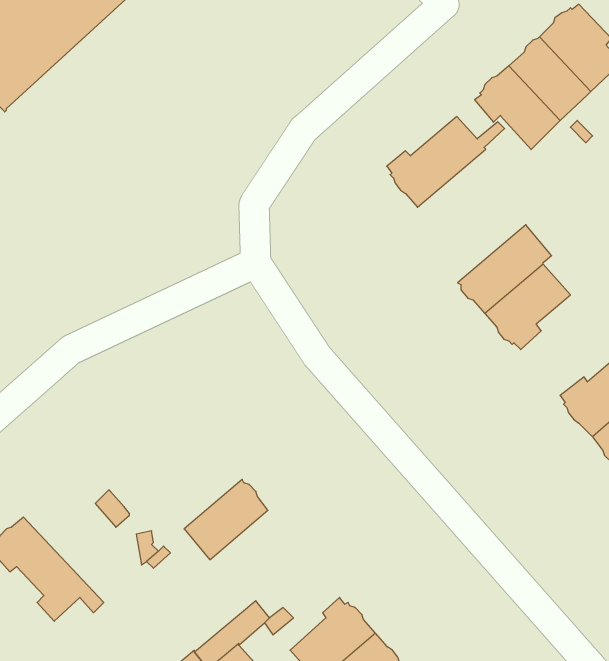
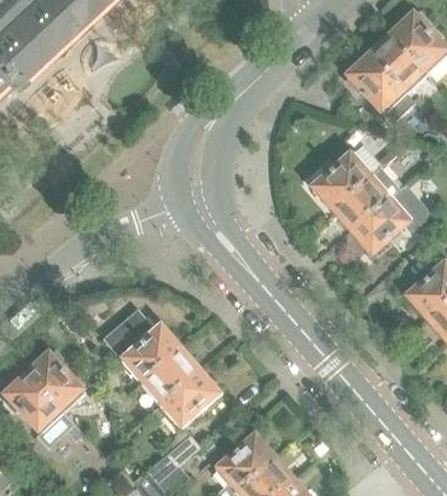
building: [387,117,505,207] -> [312,145,395,209]
building: none -> [114,321,181,383]
building: none -> [27,351,86,436]
building: none -> [145,370,222,429]

